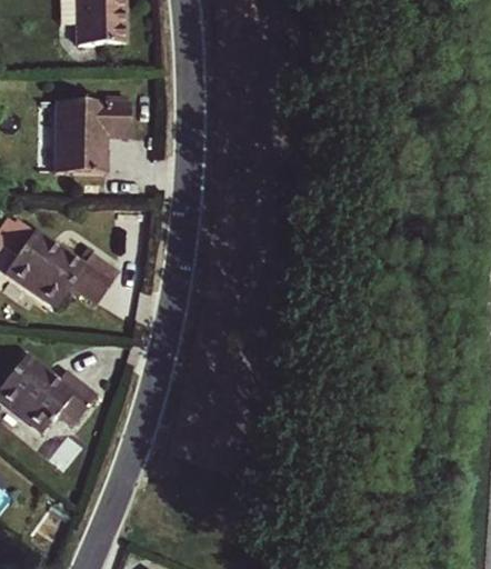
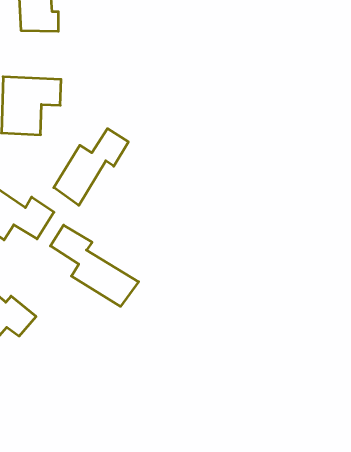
building: none -> [54,129,128,205]
building: none -> [50,225,139,306]

